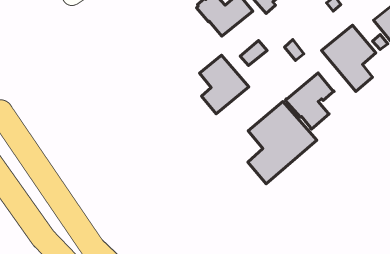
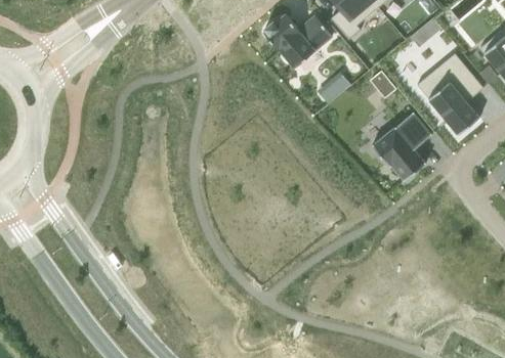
building: [199,55,249,114] -> none
building: [248,102,317,184] -> none

